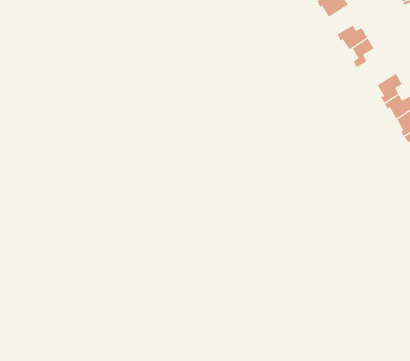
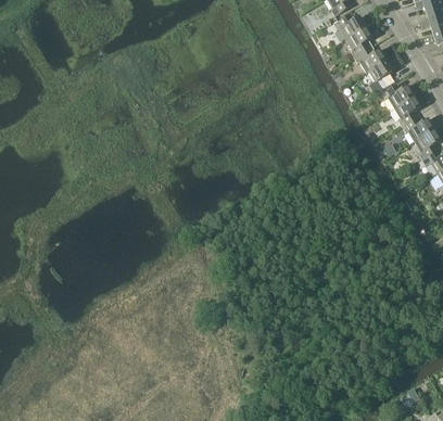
building: none -> [345,27,372,58]
building: none -> [381,84,414,109]

